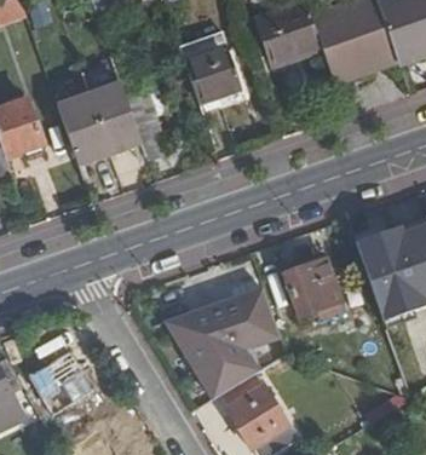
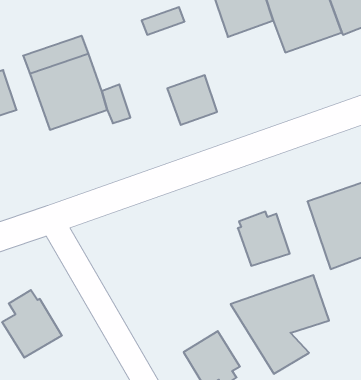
building: [185,48,240,103] -> [167,75,217,125]
building: [174,286,282,393] -> [231,275,329,374]

